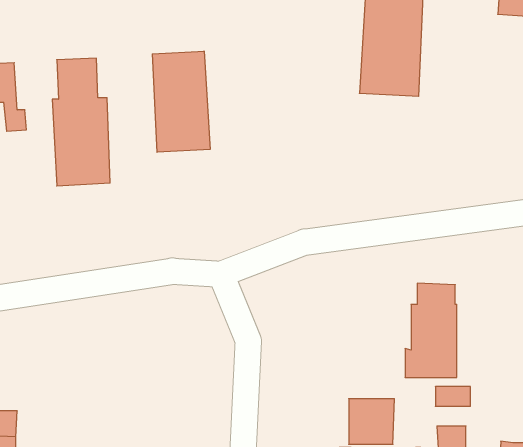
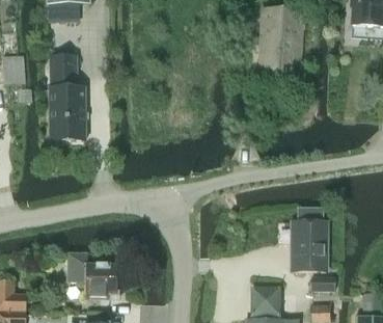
building: [152,51,210,152] -> none
building: none -> [66,253,116,298]

